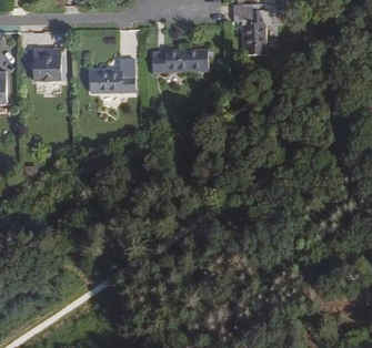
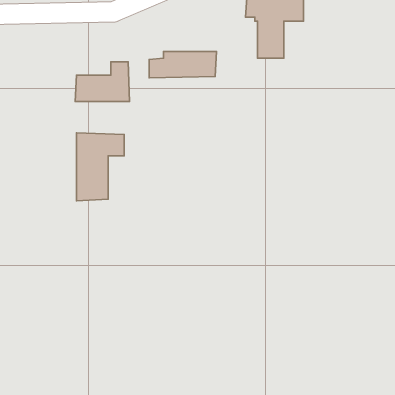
building: [31,48,61,81] -> none
building: none -> [76,133,124,201]

